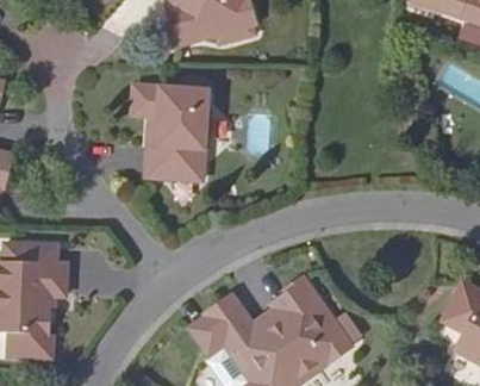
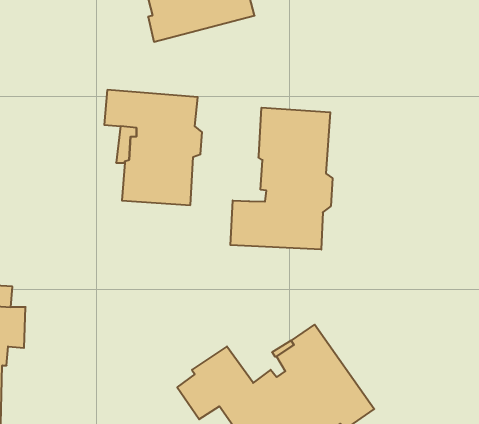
building: none -> [230,108,333,250]

